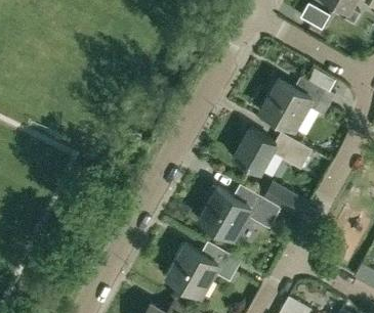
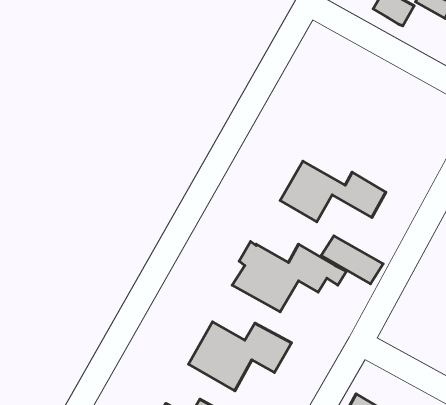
building: [260,79,335,129] -> none

